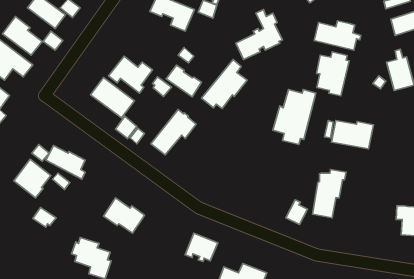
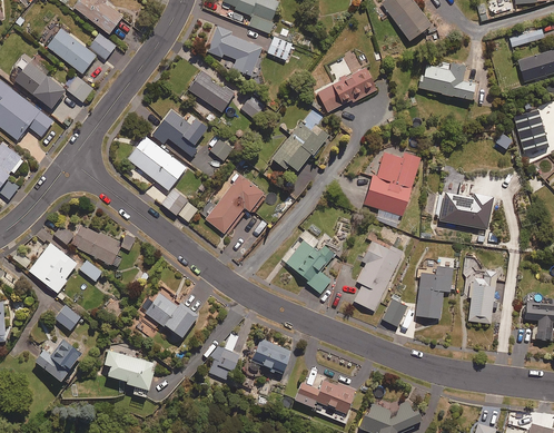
building: [316,52,349,96] -> none
building: [166,65,201,97] -> [188,70,234,111]
building: none -> [279,228,334,293]
building: none -> [353,238,404,311]
building: none -> [466,268,498,321]
building: none -> [209,332,240,377]
building: none -> [34,338,81,381]

